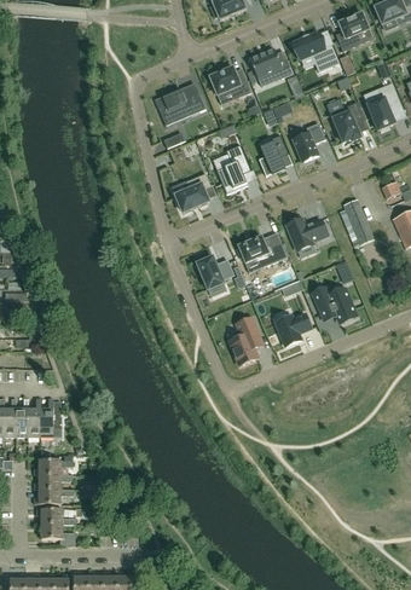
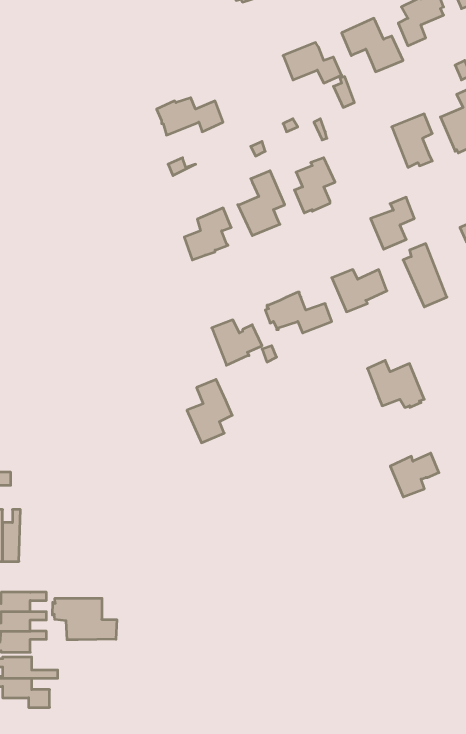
building: [209,65,251,97] -> none
building: [291,122,324,161] -> [371,197,414,249]
building: [274,312,311,345] -> [390,453,439,497]
building: [228,317,262,364] -> [187,379,232,443]
building: none -> [52,598,117,640]

